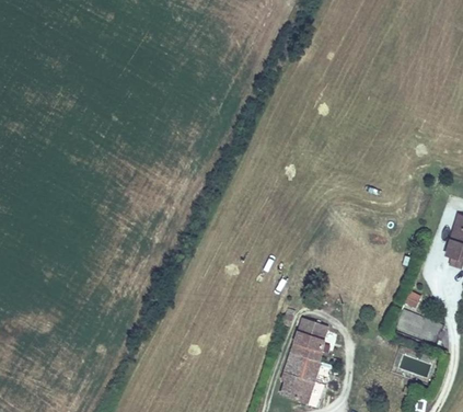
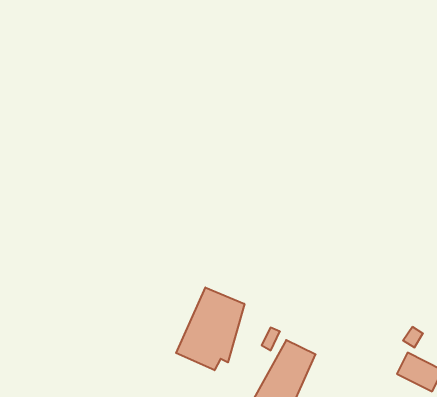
building: none -> [176,287,244,370]

